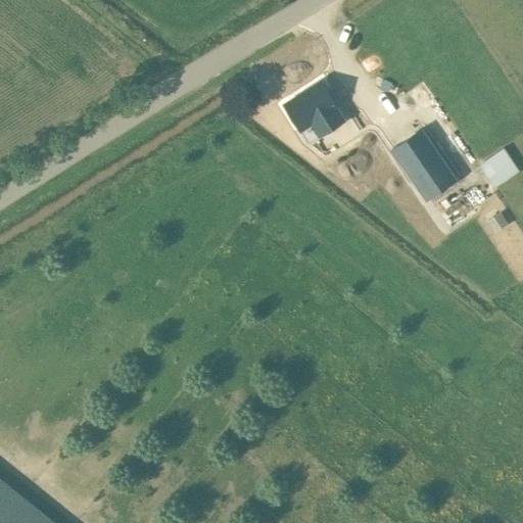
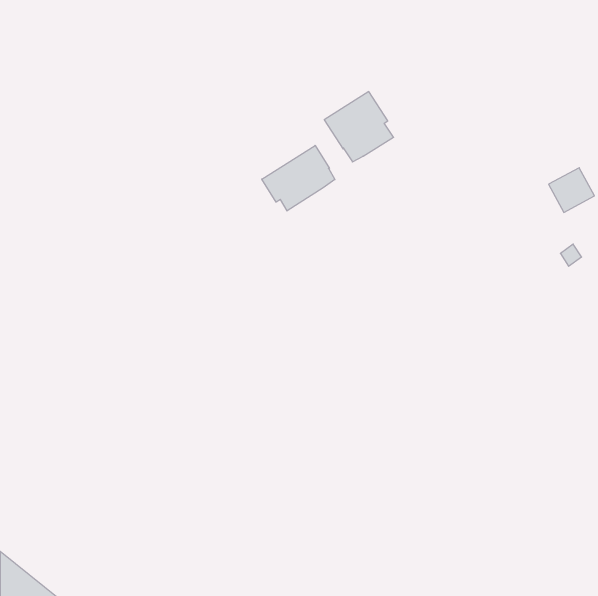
building: none -> [262,145,335,211]
building: [393,132,456,201] -> none

